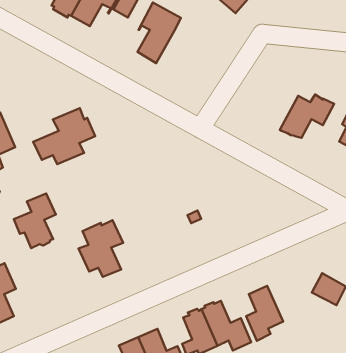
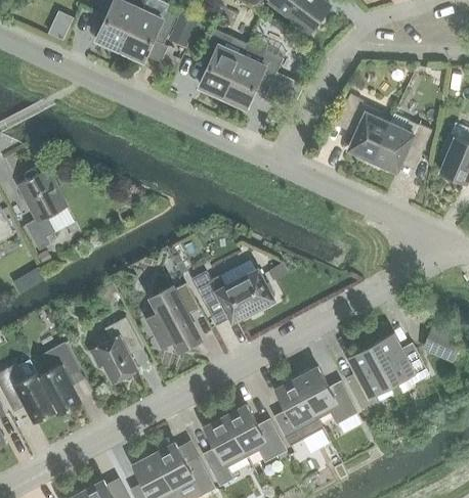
building: none -> [222,43,283,110]
building: none -> [336,94,389,165]
building: [33,108,95,164] -> none
building: [14,193,56,248] -> [90,318,138,382]
building: none -> [190,270,273,322]
building: none -> [370,334,427,386]

